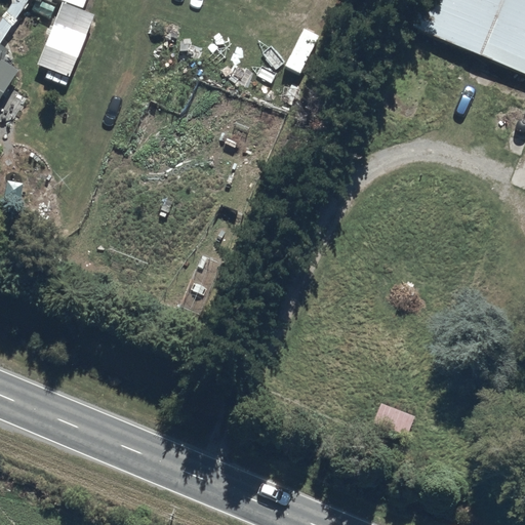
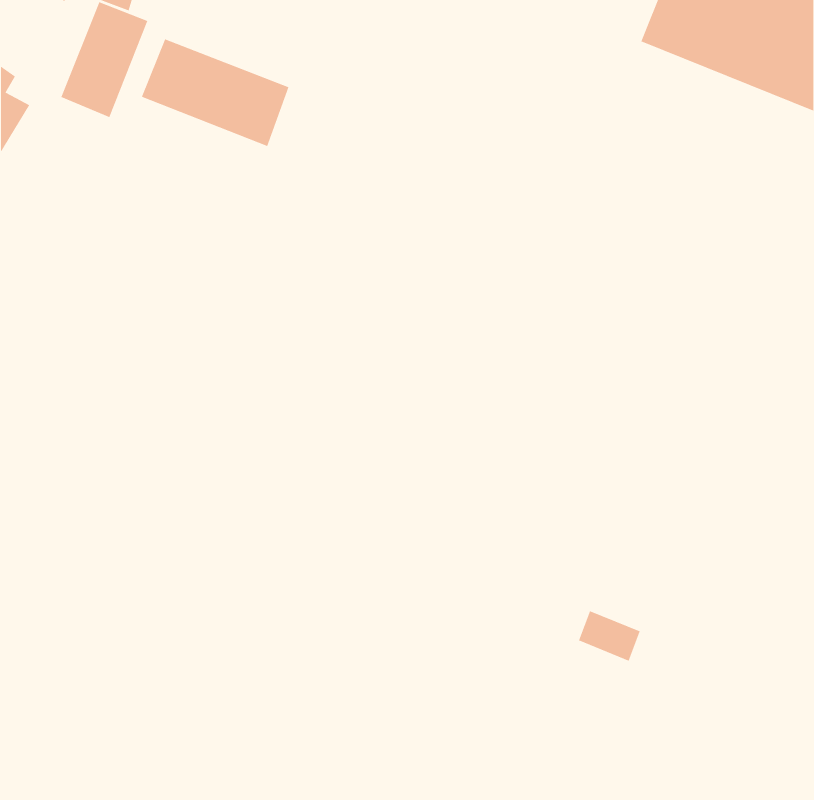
building: none -> [141,38,289,147]

